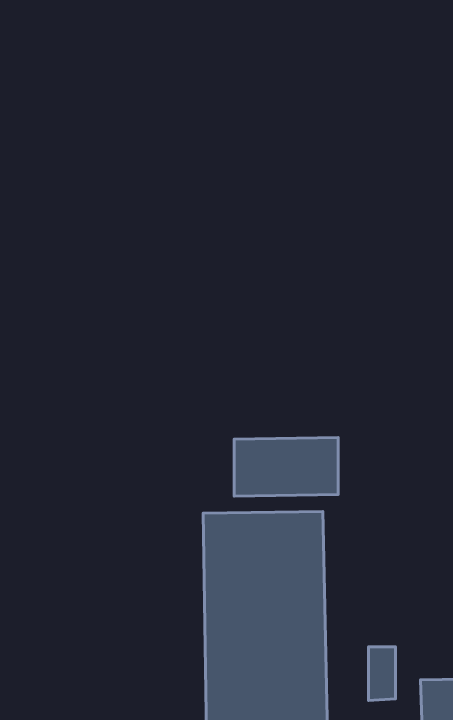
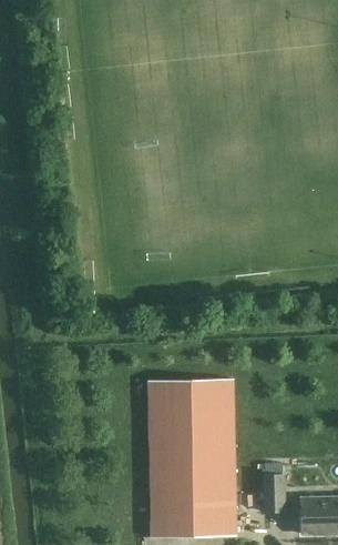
building: [234,438,338,496] -> none

